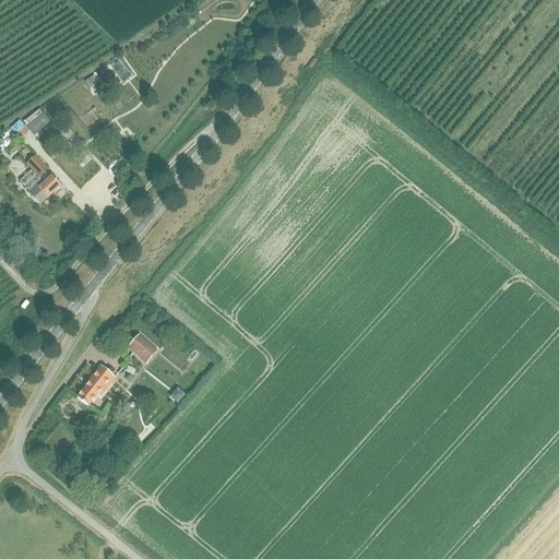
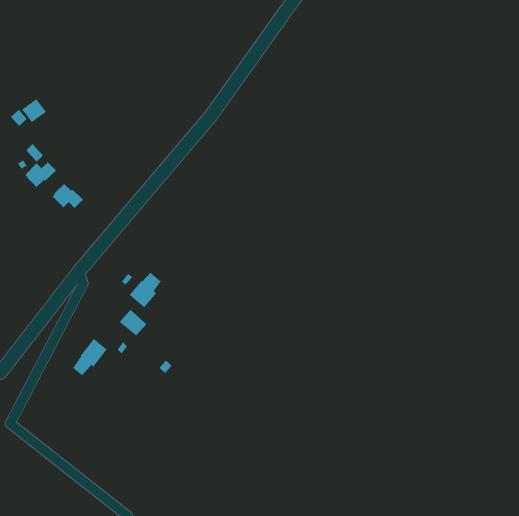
building: none -> [52,183,84,209]
building: none -> [129,272,161,308]

